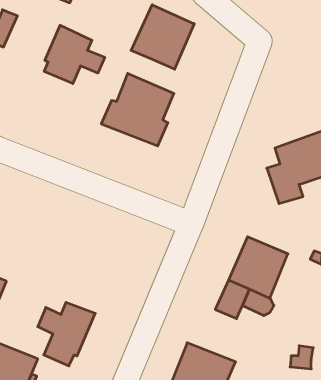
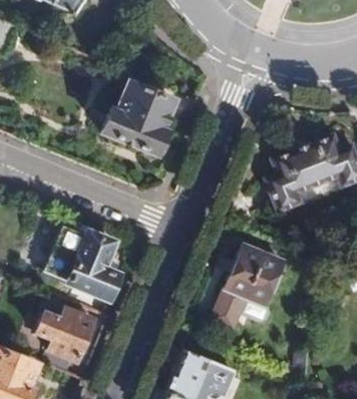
building: [131,5,194,69] -> none
building: [44,25,105,84] -> none
building: none -> [45,224,118,296]

